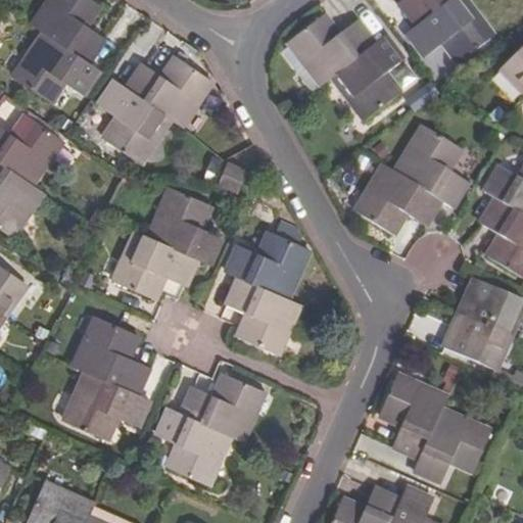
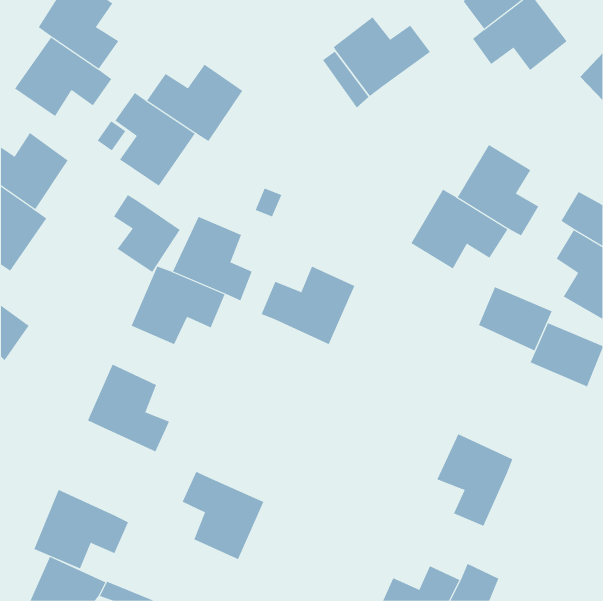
building: [332,36,403,118] -> none
building: none -> [113,194,181,273]
building: [227,277,297,352] -> none
building: [444,314,509,370] -> [478,286,552,351]
building: [64,369,147,438] -> [33,489,129,569]
building: [181,372,264,439] -> none
building: [414,410,489,481] -> none

